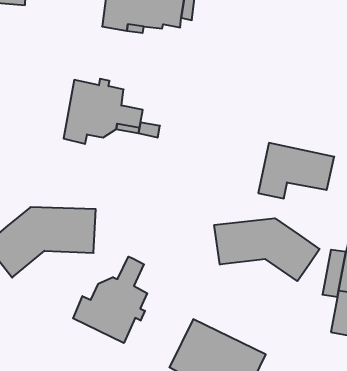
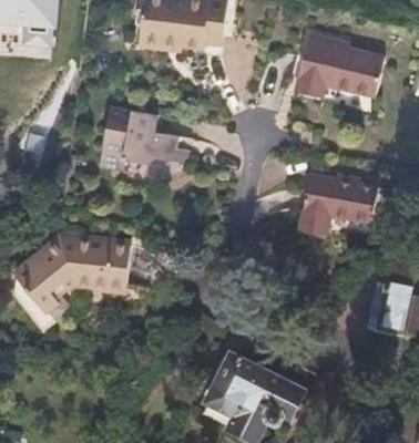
building: none -> [292,34,382,102]
building: [214,218,320,281] -> none
building: [73,257,147,343] -> none

